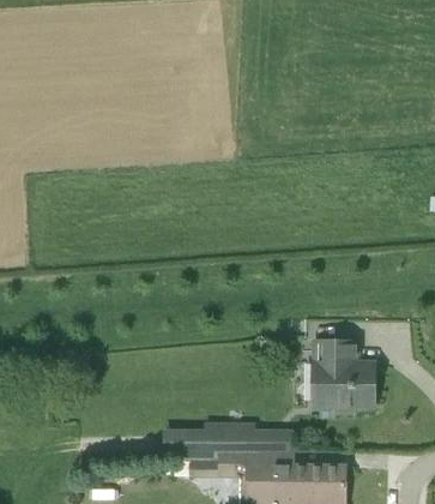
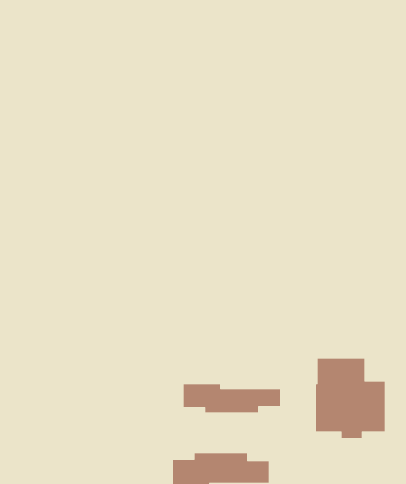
building: none -> [183,383,281,413]

